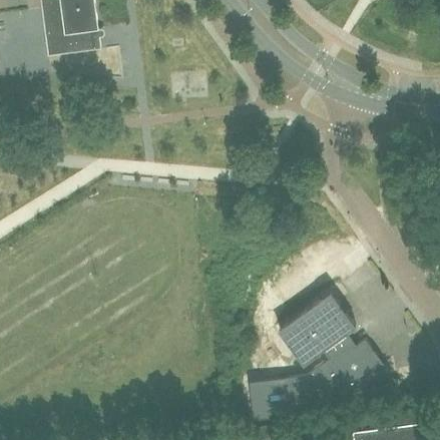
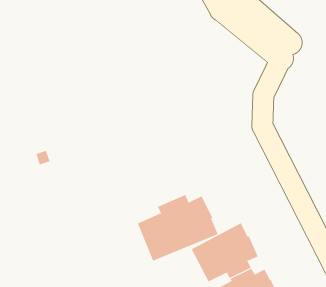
building: none -> [137,194,218,262]

